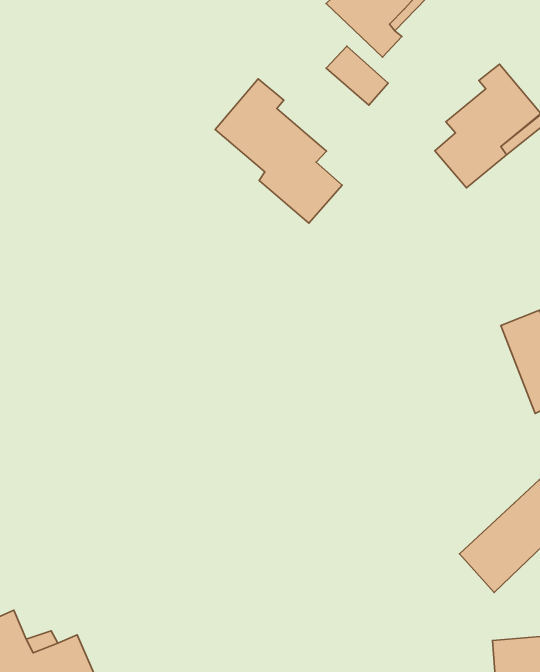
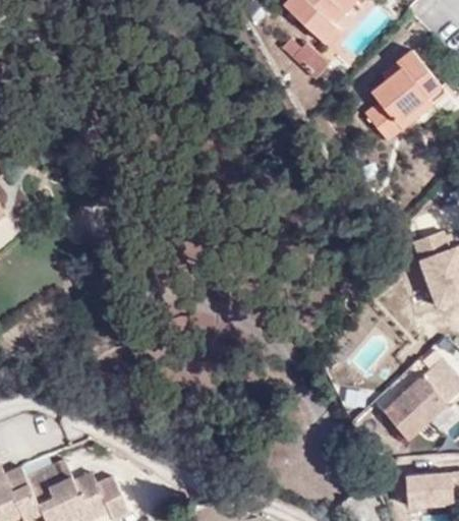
building: [215,79,342,223] -> none

